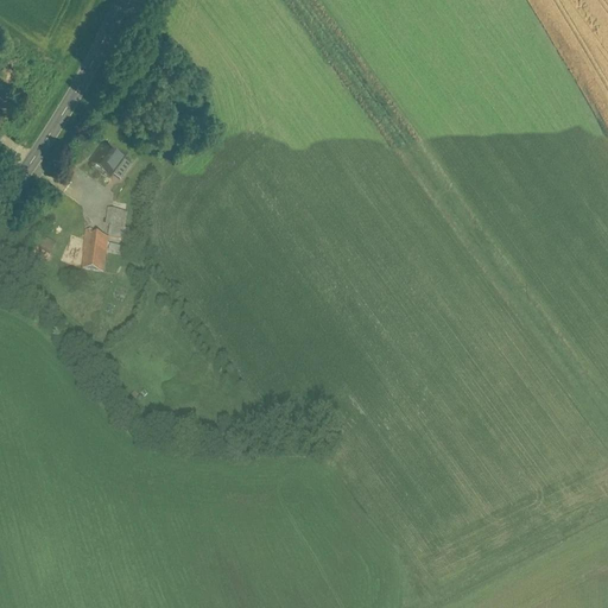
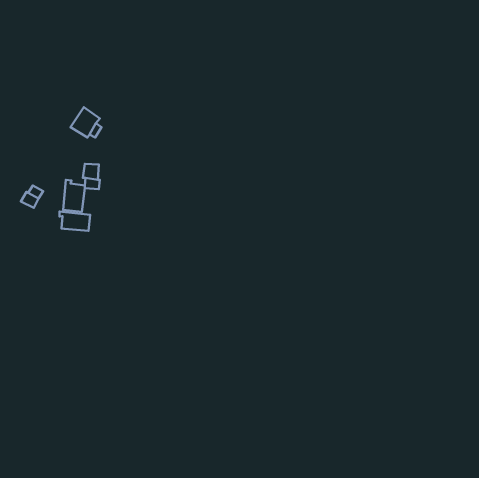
building: none -> [59,211,90,231]

